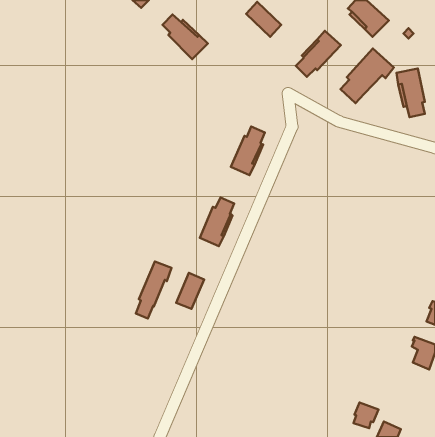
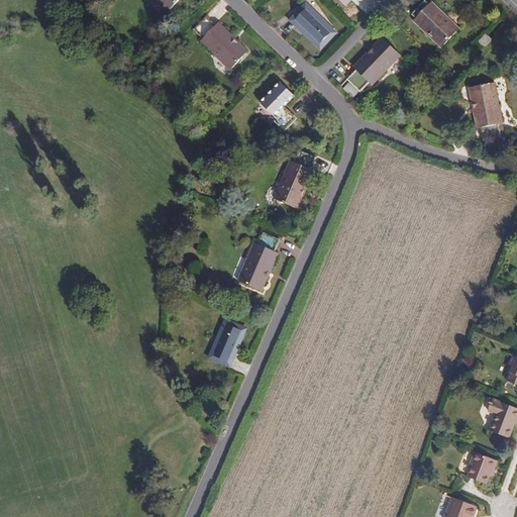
building: [340,49,394,103] -> none
building: none -> [258,83,293,130]
building: [136,262,172,318] -> none
building: [354,403,378,428] -> [467,452,496,483]

